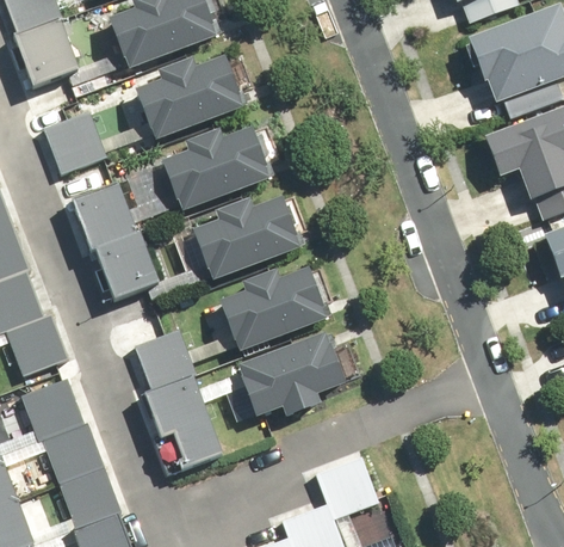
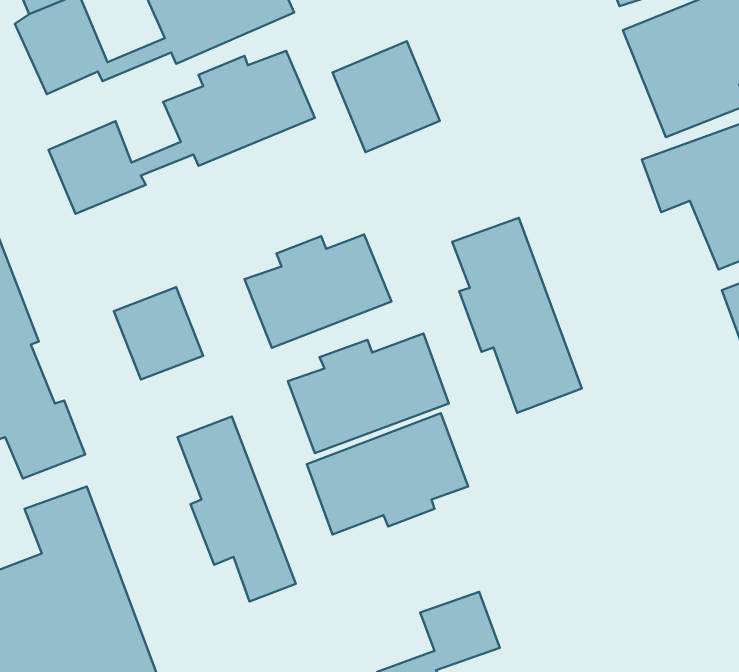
building: none -> [333,41,440,152]
building: [68,119,269,246] -> none
building: none -> [452,218,582,413]

